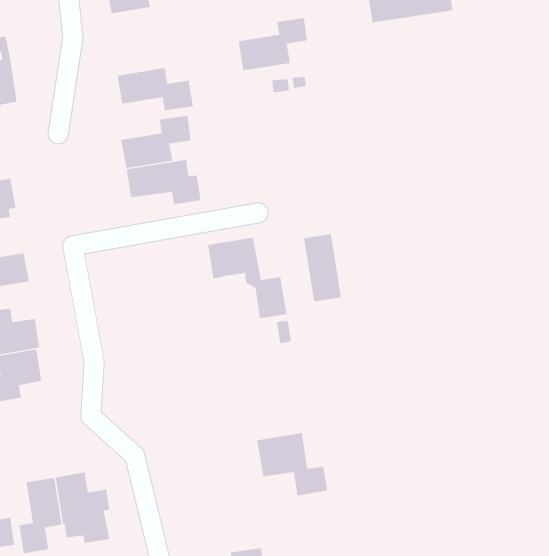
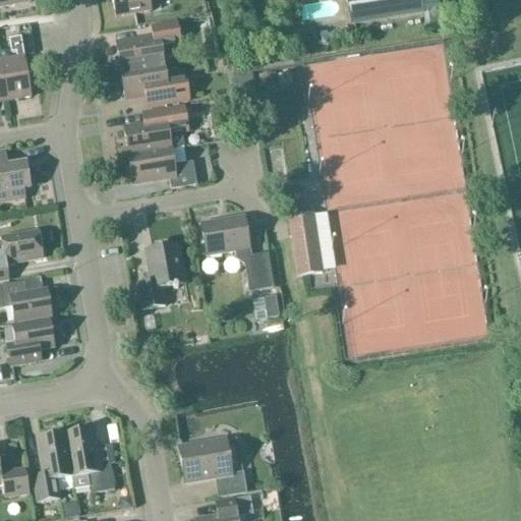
building: [238,17,308,71] -> [117,19,180,68]
building: none -> [138,241,186,306]
building: [256,432,328,496] -> [182,438,247,496]

